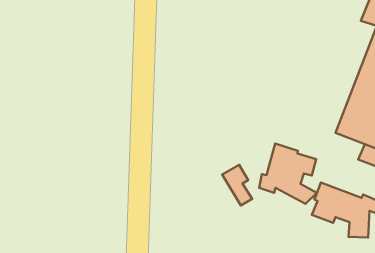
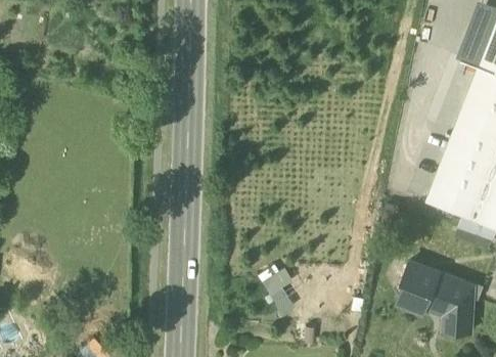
building: [259,144,317,204] -> none
building: [222,165,252,205] -> [256,262,294,313]

